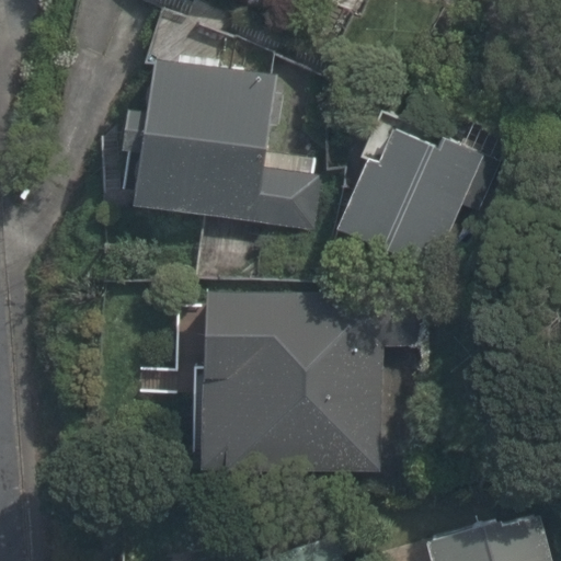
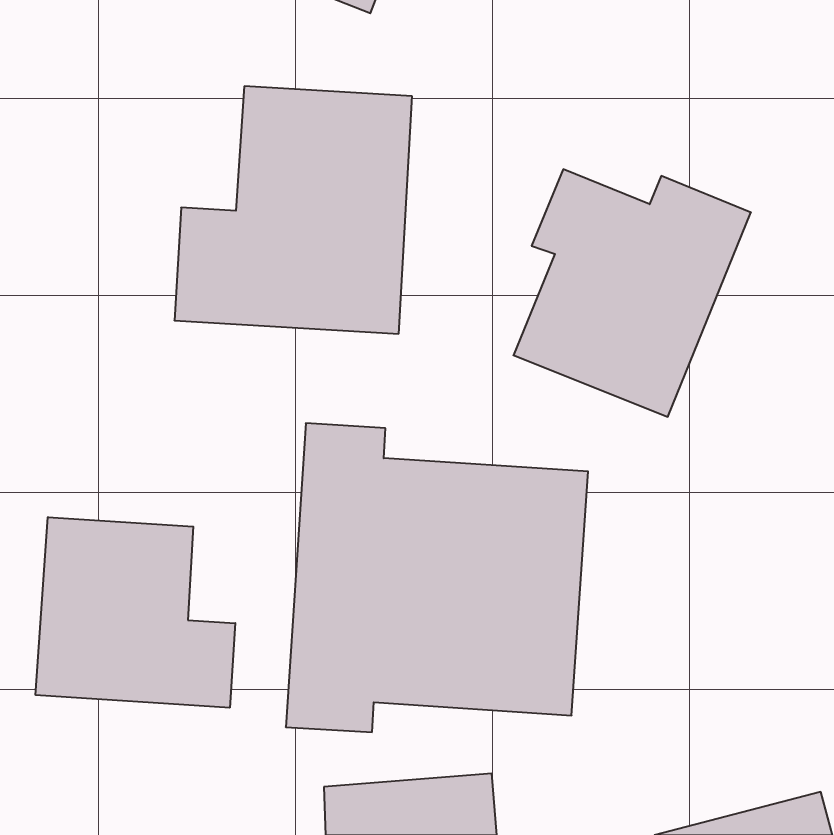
building: none -> [36,517,235,708]

